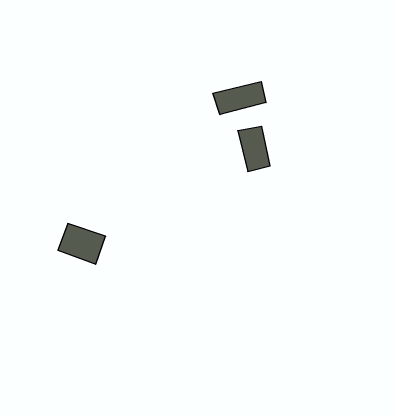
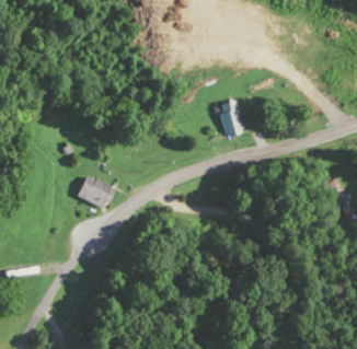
building: [213,82,266,115] -> none

